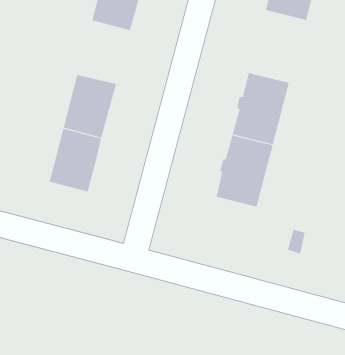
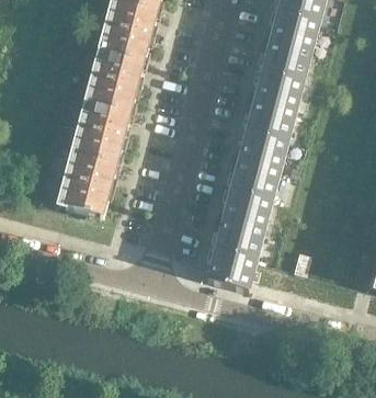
building: none -> [255,37,311,106]
building: none -> [92,47,144,107]
building: none -> [208,215,264,285]

